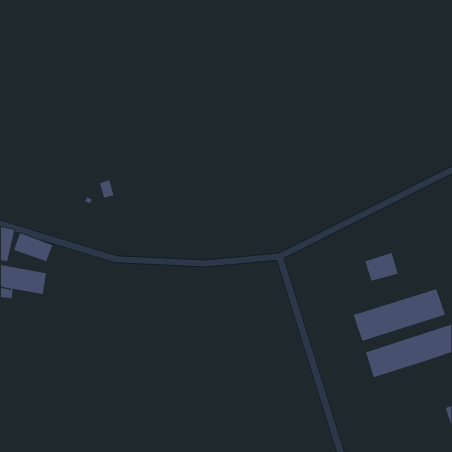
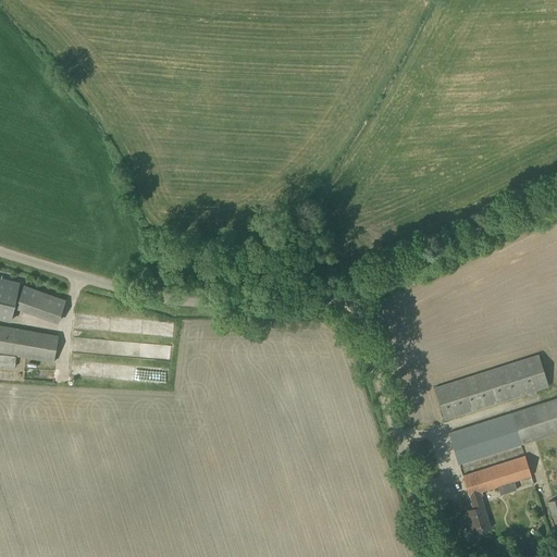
building: [365,252,399,282] -> none
building: none -> [462,456,531,534]

